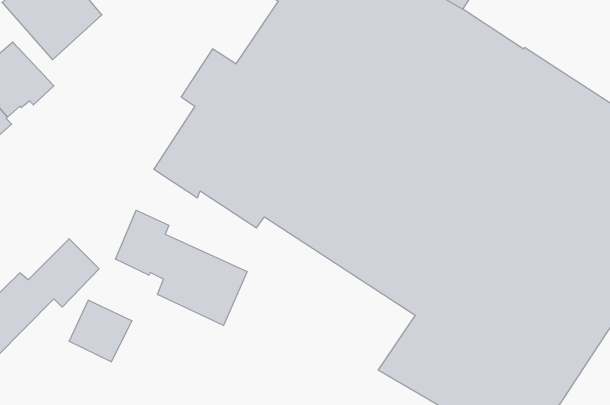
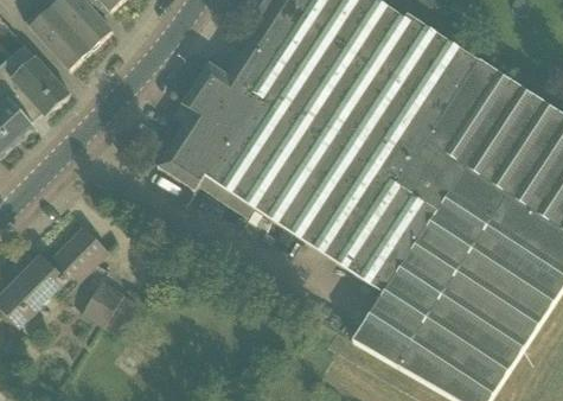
building: [115,210,247,326] -> none

